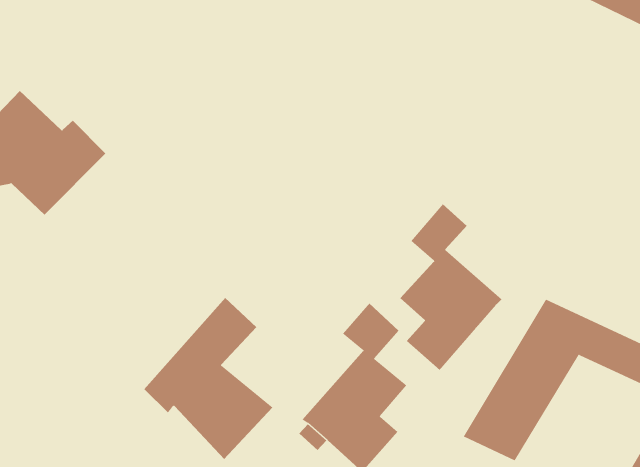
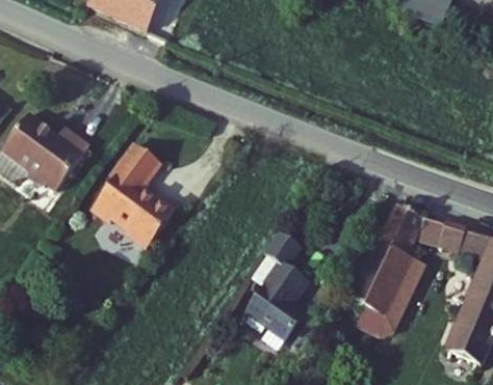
building: [400,204,503,371] -> none
building: [143,297,273,460] -> [93,143,177,247]

